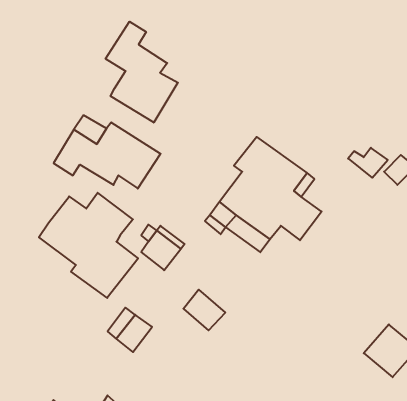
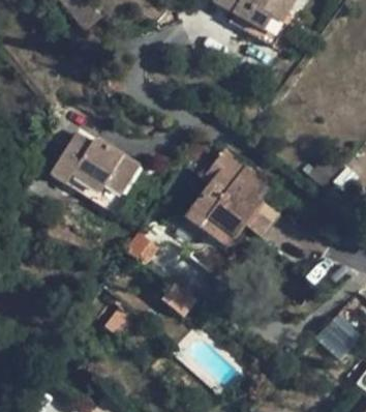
building: [106,22,178,123] -> none
building: [39,193,138,298] -> none

